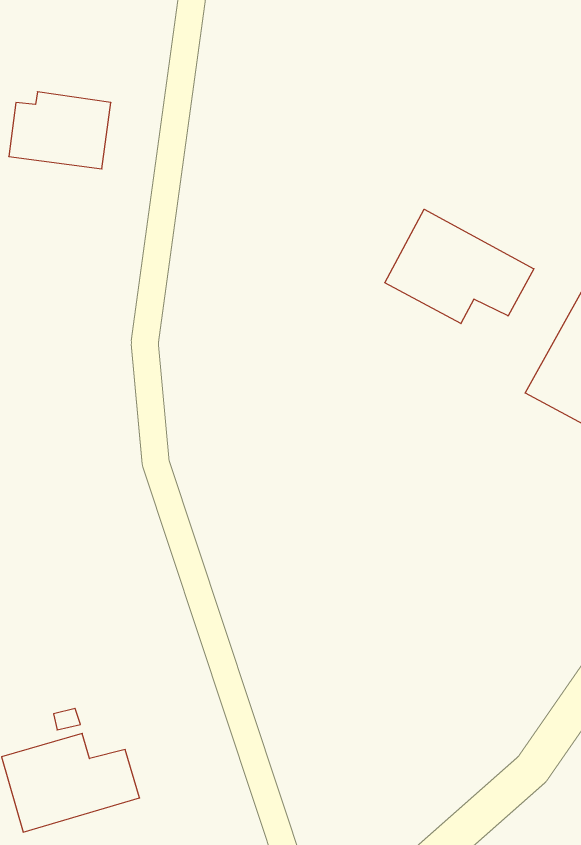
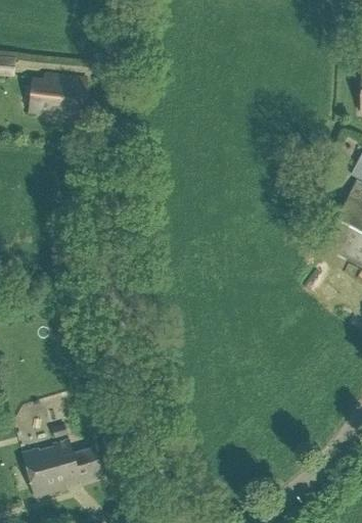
building: [385,209,534,324] -> none

